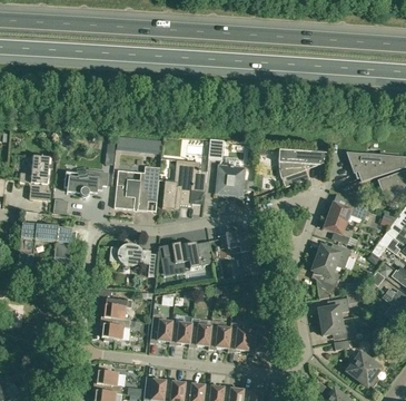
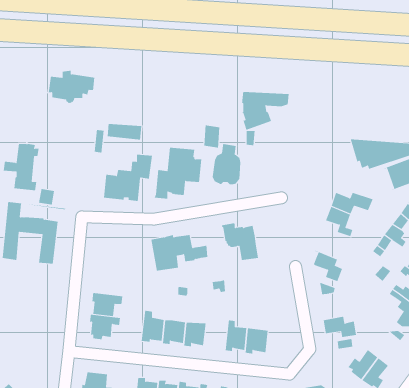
building: [280,149,326,186] -> [241,92,290,131]
building: [63,165,108,196] -> [48,70,95,103]
building: [109,243,150,265] -> none
building: [313,243,350,267] -> none
building: [317,296,348,322] -> none
building: [208,319,231,350] -> none

